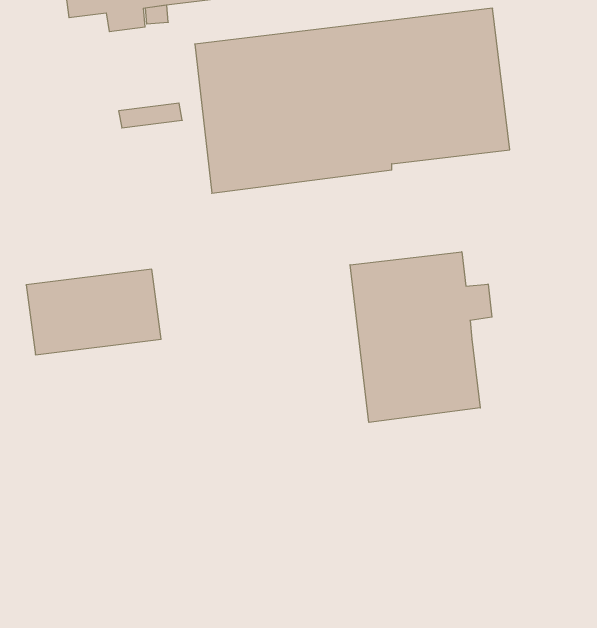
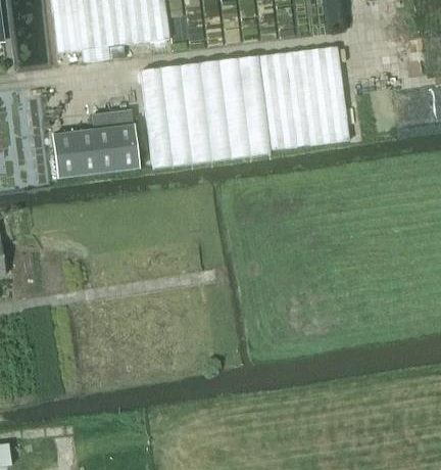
building: [350,252,492,422] -> none
building: [26,269,161,355] -> [51,124,140,180]

